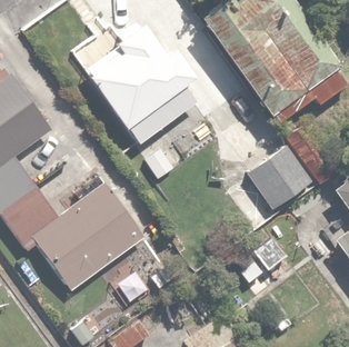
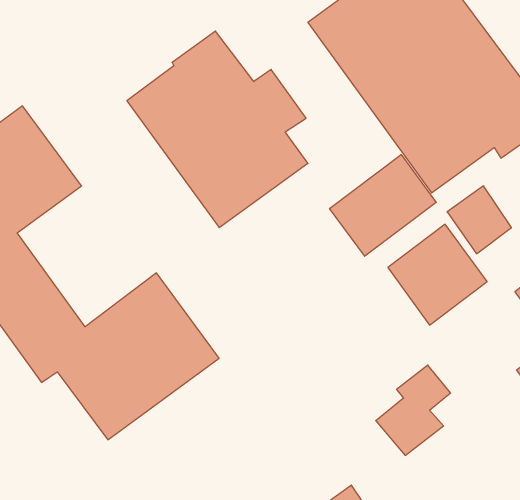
building: none -> [330,154,436,256]

